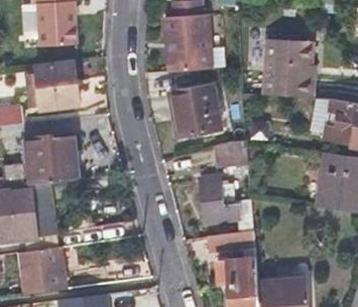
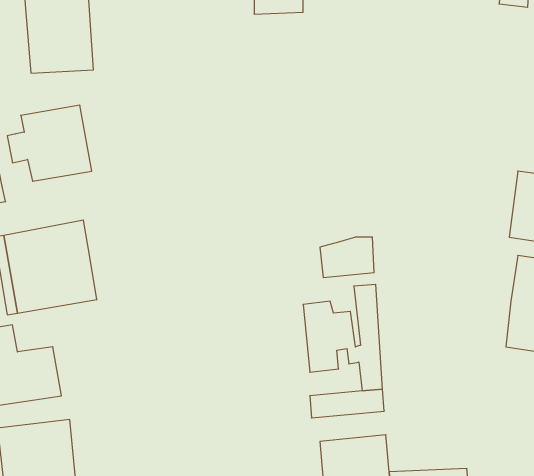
building: [166,13,210,70] -> none
building: [260,39,315,101] -> none
building: [169,85,223,138] -> none

